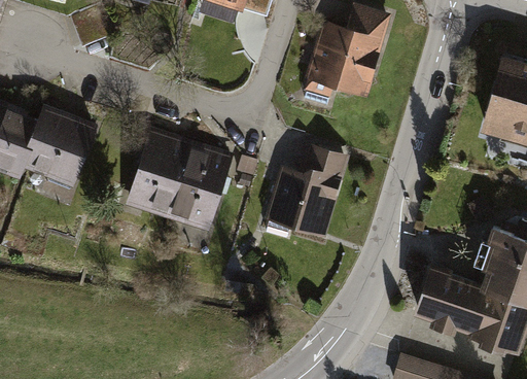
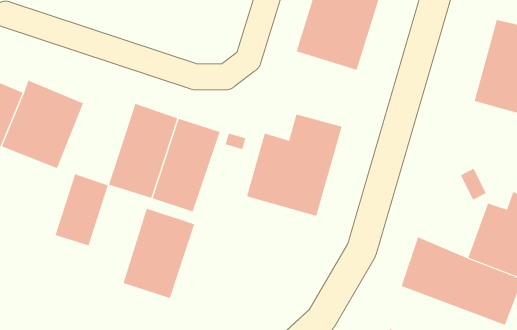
building: none -> [55,174,108,246]
building: none -> [123,208,195,299]

